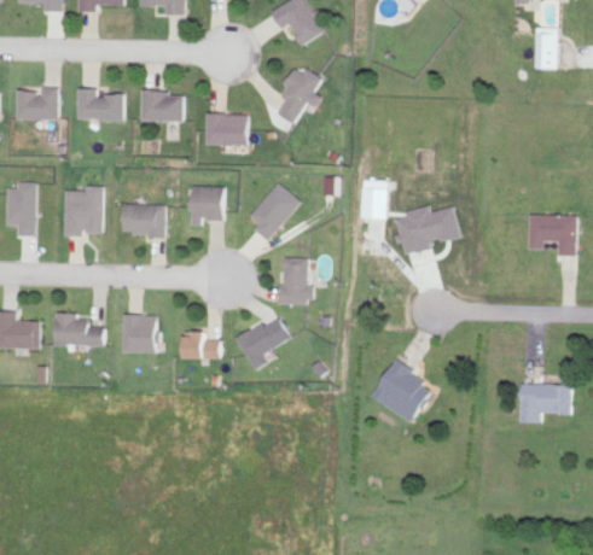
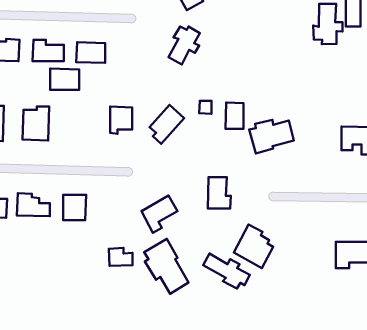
building: none -> [313,4,343,44]
building: [207,113,249,145] -> none
building: [122,204,164,235] -> [50,69,79,90]
building: [280,258,314,304] -> [208,177,231,208]
building: [185,333,220,360] -> [109,248,133,266]
building: none -> [144,239,189,294]
building: none -> [203,254,250,288]

